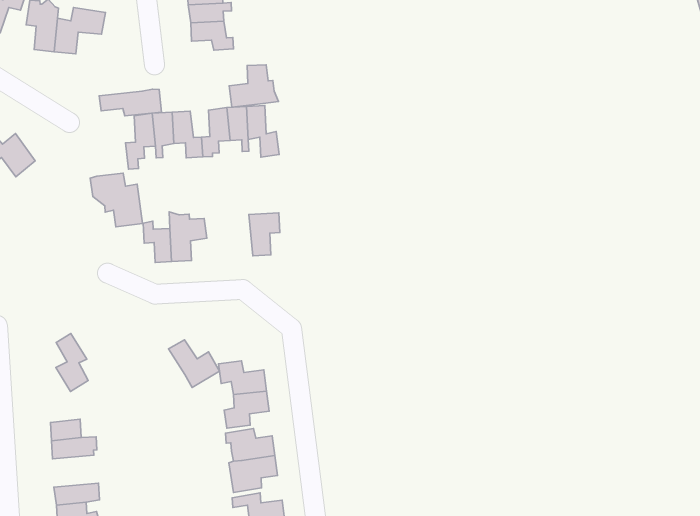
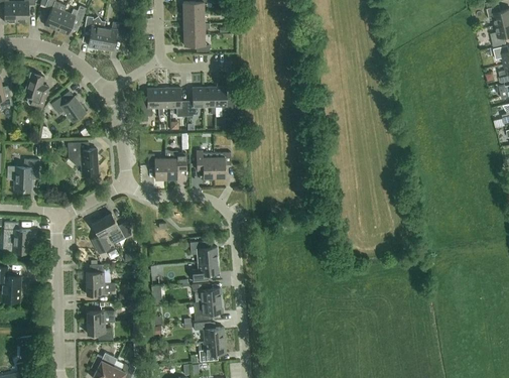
building: [229,65,279,107] -> none
building: [99,89,162,116] -> none
building: [90,173,142,227] -> [68,141,98,173]
building: none -> [196,149,214,177]
building: [168,340,220,387] -> [101,214,131,243]

